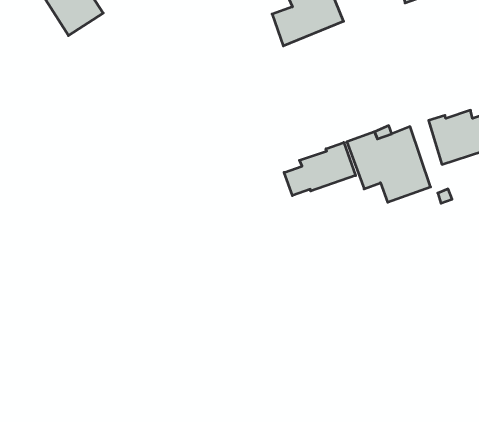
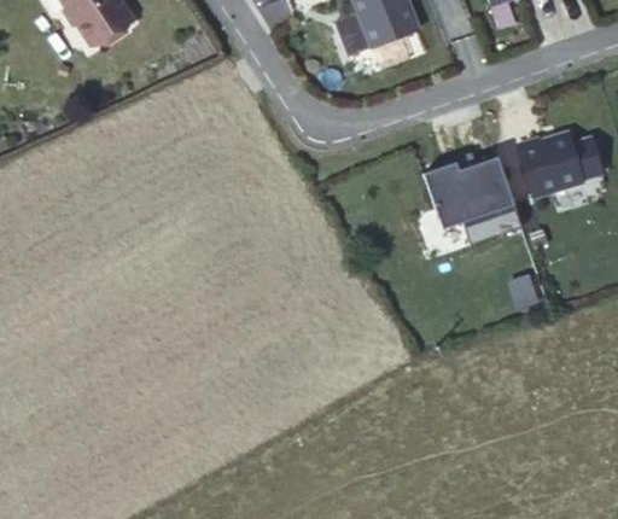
building: [284,142,356,196] -> none

